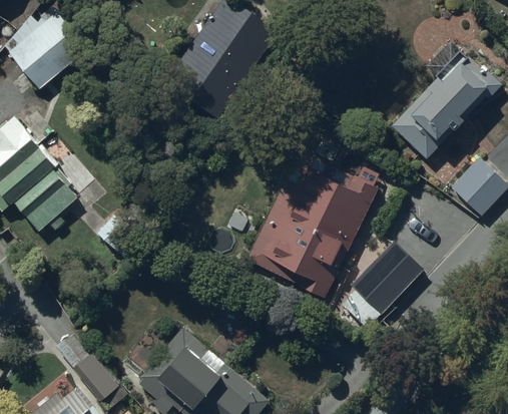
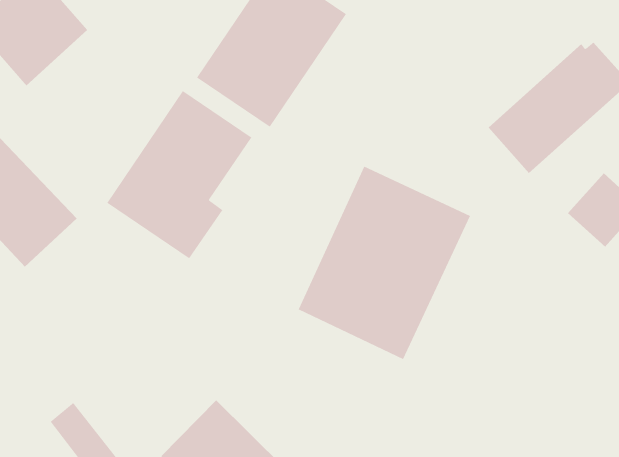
building: none -> [107,90,252,259]
building: [352,244,422,315] -> none

